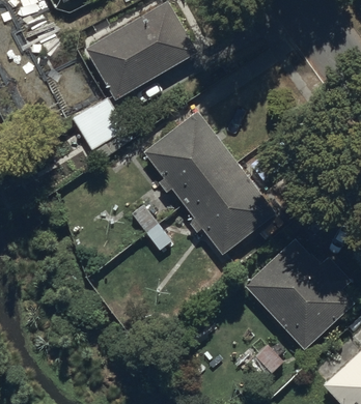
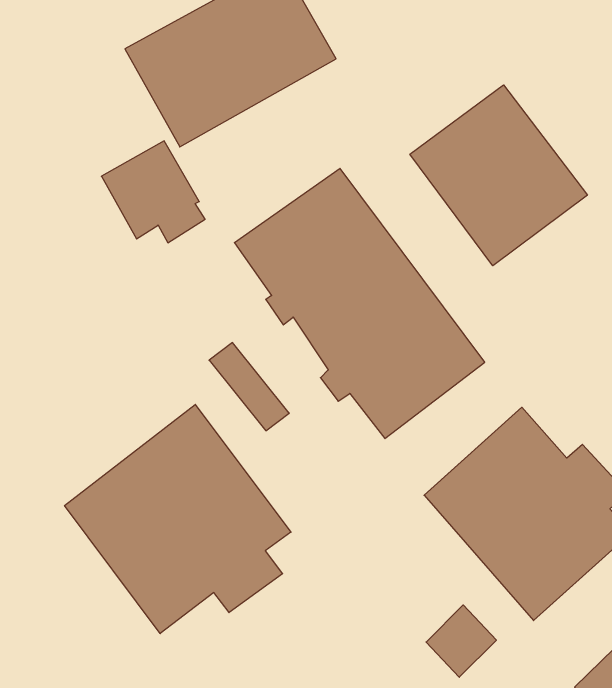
building: none -> [410,85,587,266]
building: none -> [65,404,291,634]

